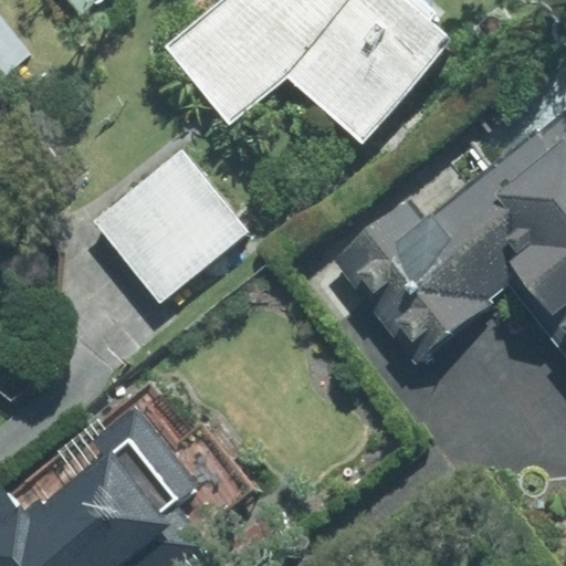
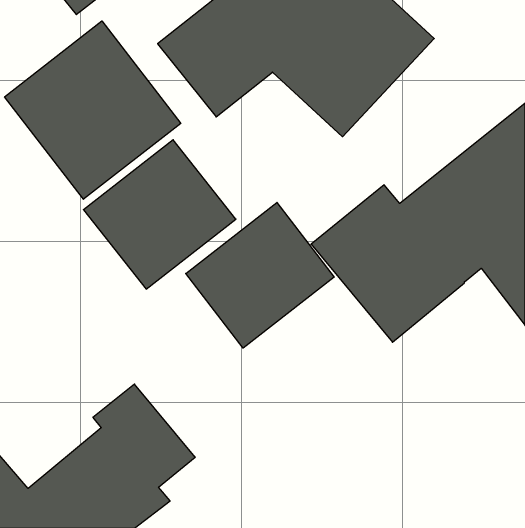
building: none -> [5,21,181,199]
building: none -> [186,202,334,348]

